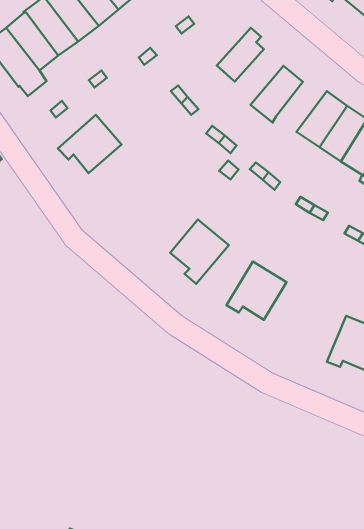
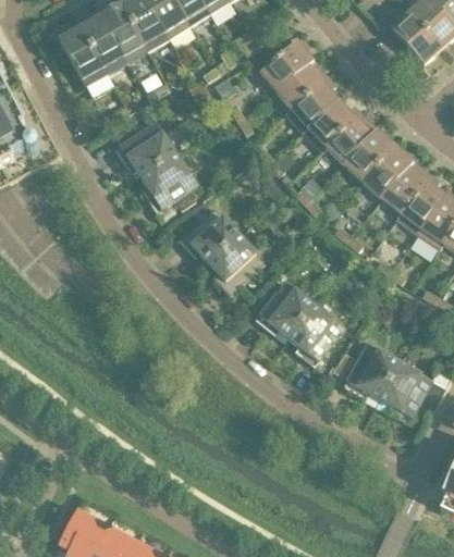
building: none -> [251,39,311,89]
building: none -> [284,79,338,131]
building: none -> [324,115,376,162]
building: none -> [139,152,195,210]
building: none -> [177,206,237,261]
building: none -> [287,304,342,364]

